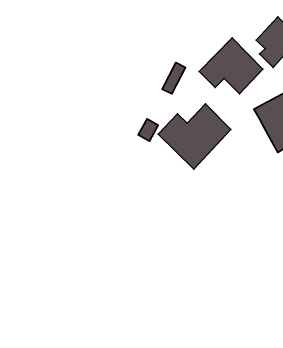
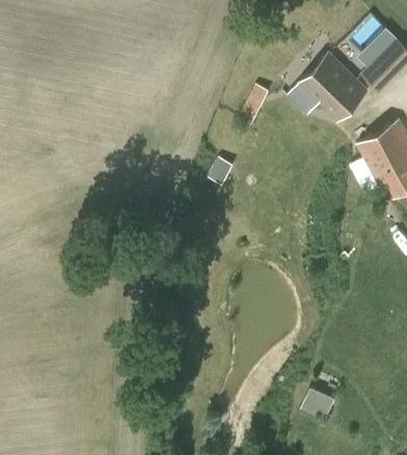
building: [158,104,231,169] -> none
building: none -> [301,387,335,421]

